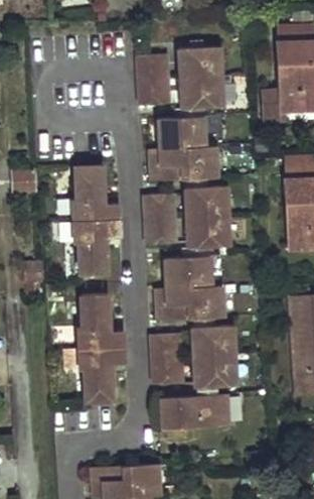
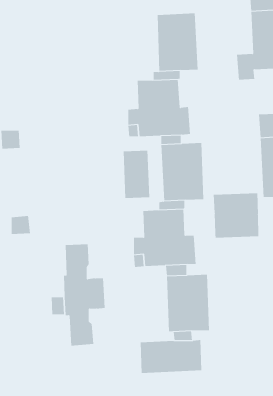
building: [137,54,167,104] -> none
building: [73,166,119,274] -> none
building: none -> [213,193,259,238]
building: [150,334,177,384] -> none

